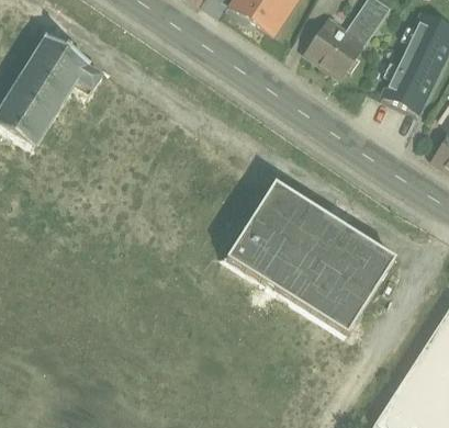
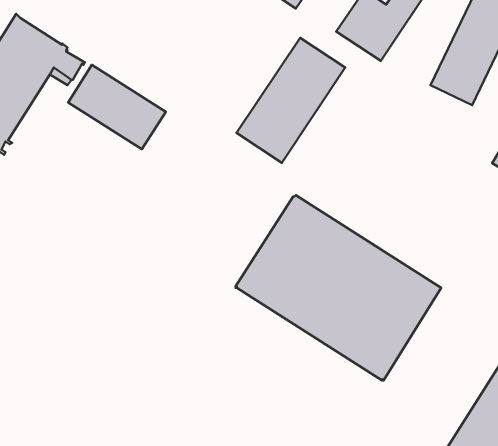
building: none -> [237,38,345,163]
building: none -> [68,65,166,149]

